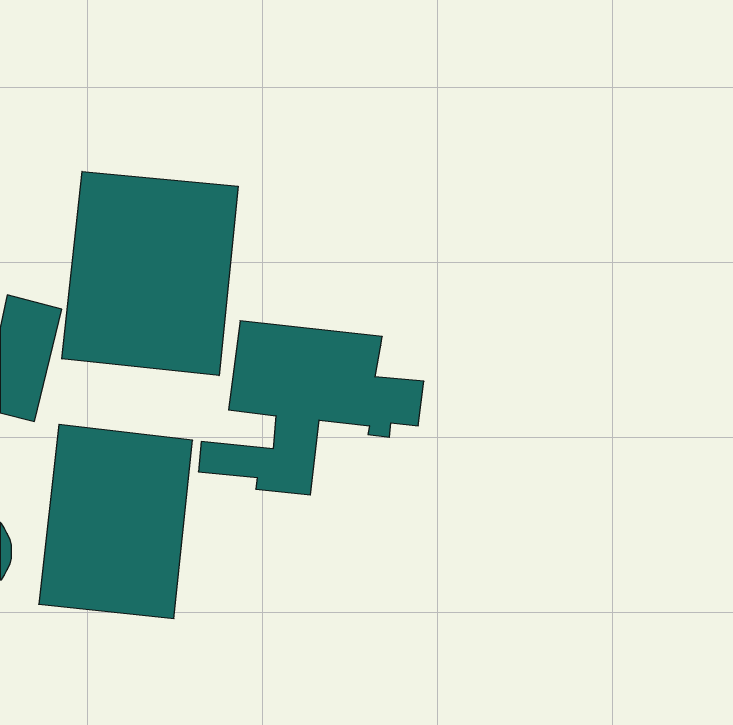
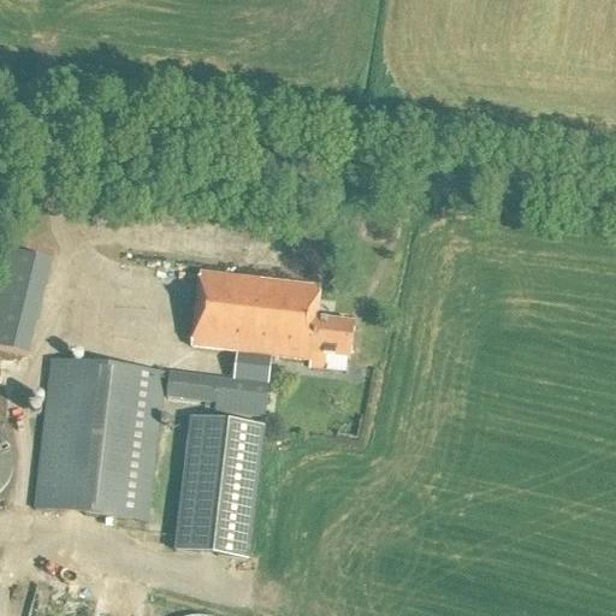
building: [62,171,238,376] -> none
building: none -> [174,415,262,555]

